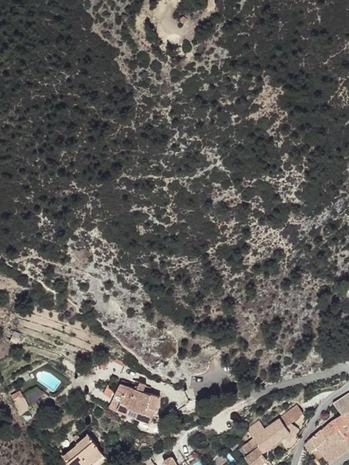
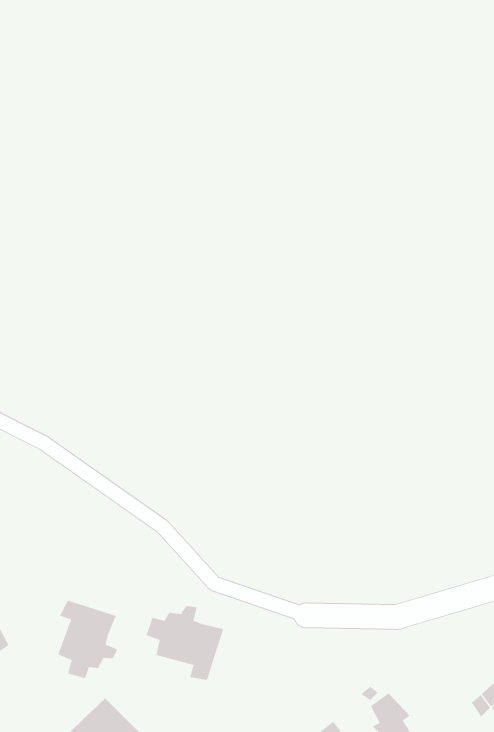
building: none -> [57,600,119,679]
building: [248,405,300,451] -> none

